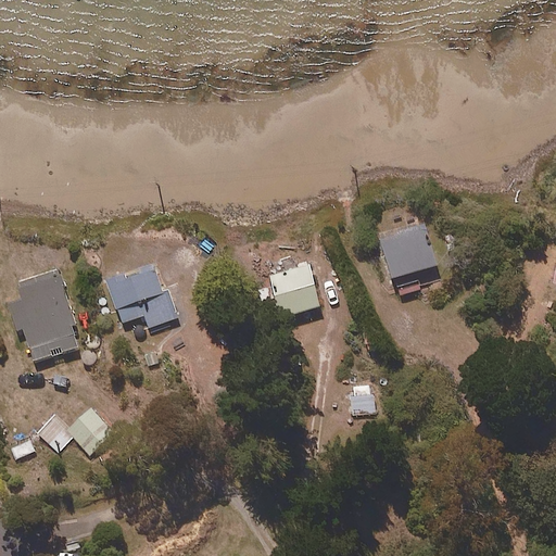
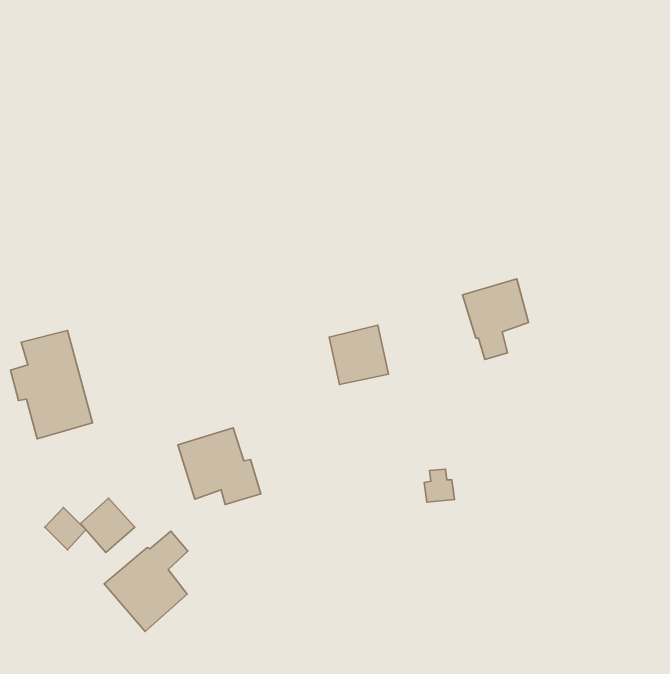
building: [106,264,175,327] -> [178,428,261,504]
building: none -> [104,531,188,631]

